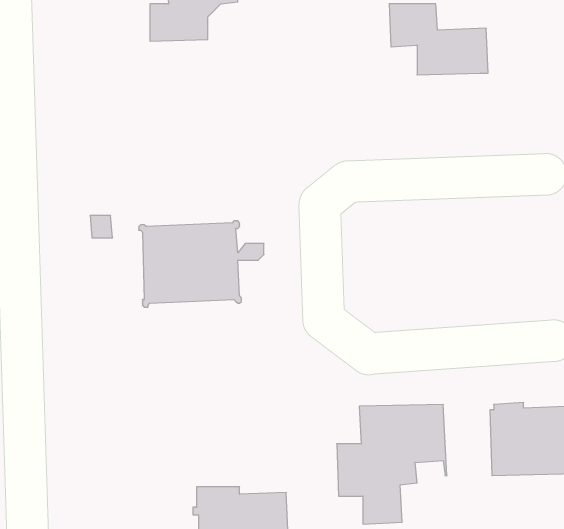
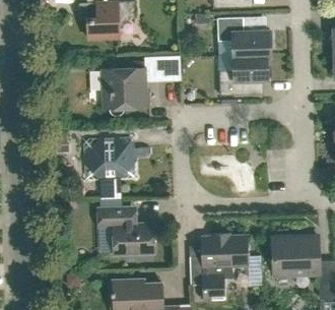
building: none -> [102,55,181,115]
building: none -> [219,55,268,95]
building: none -> [97,206,154,254]

